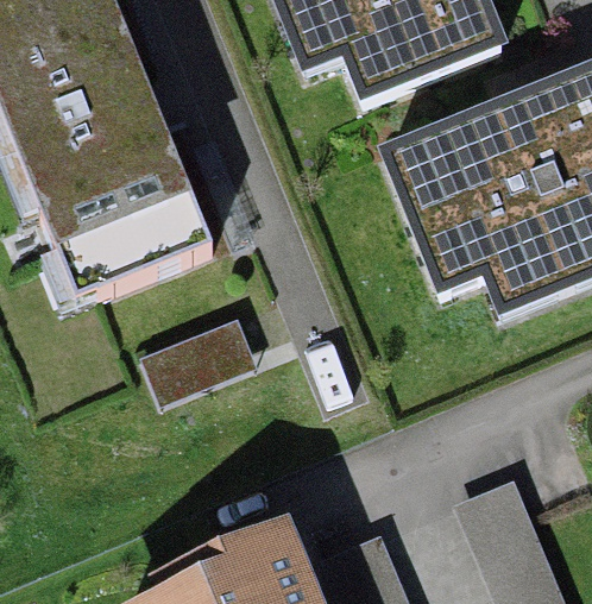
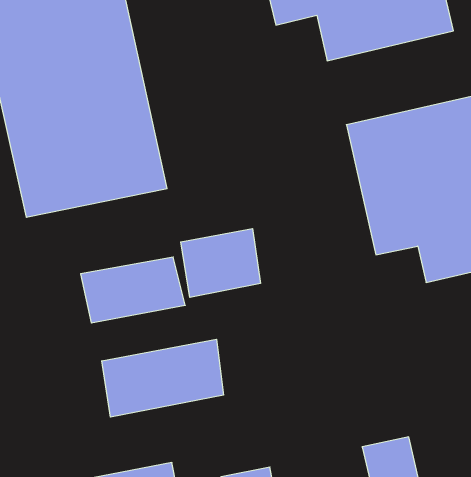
building: none -> [181,229,260,297]
building: none -> [102,339,223,417]

